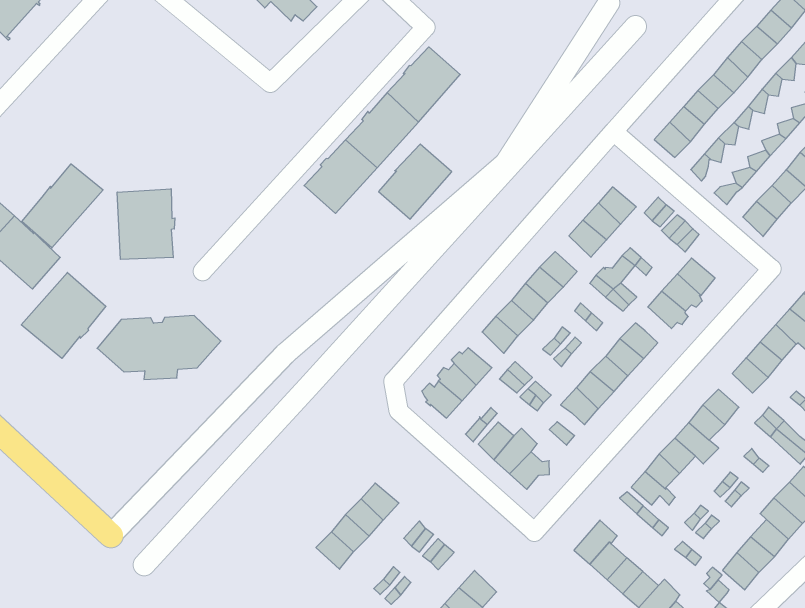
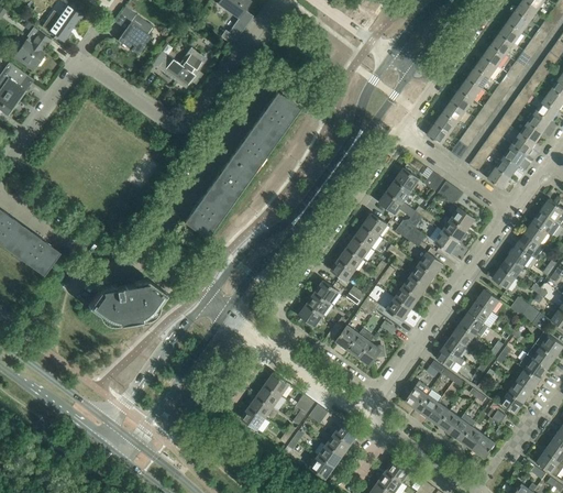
building: [379,144,452,219] -> [185,189,230,238]
building: [22,164,103,248] -> none
building: [117,189,175,259] -> none
building: [21,272,106,358] -> none

